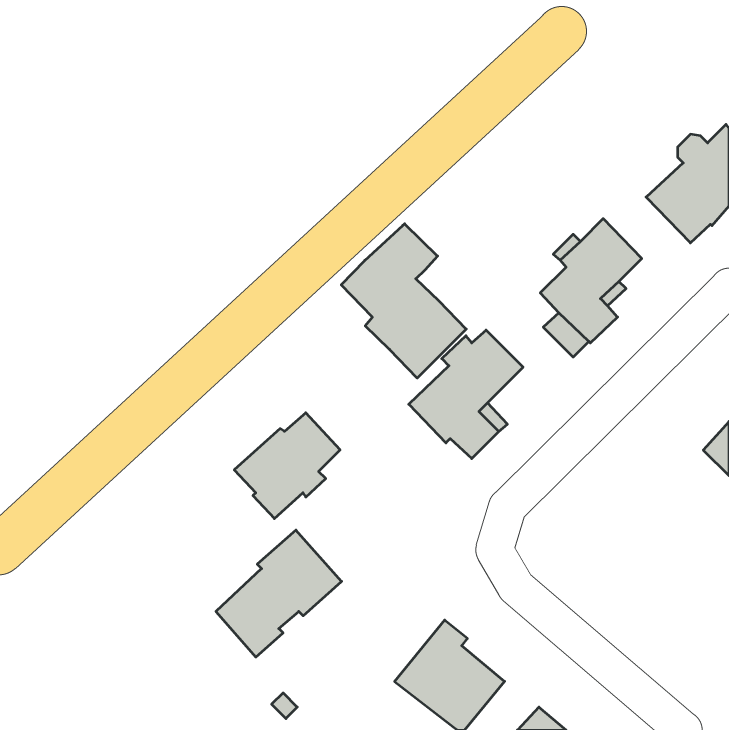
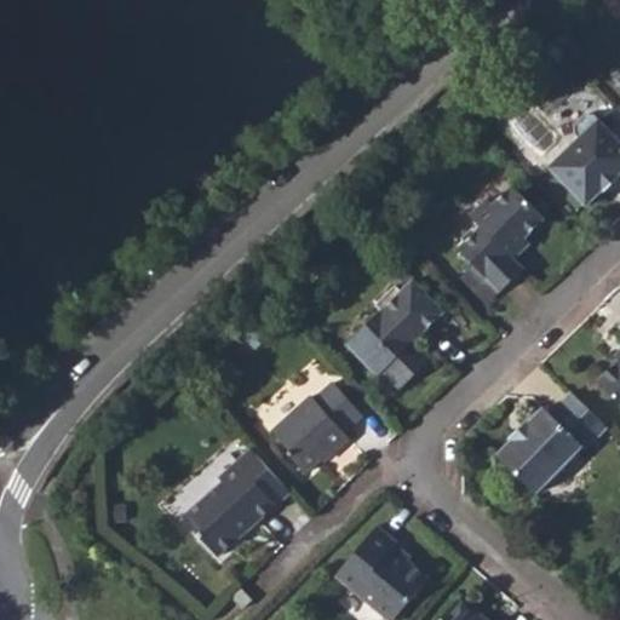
building: [341,224,466,378] -> none
building: [234,413,340,519] -> [271,383,361,472]
building: none -> [495,391,607,494]

